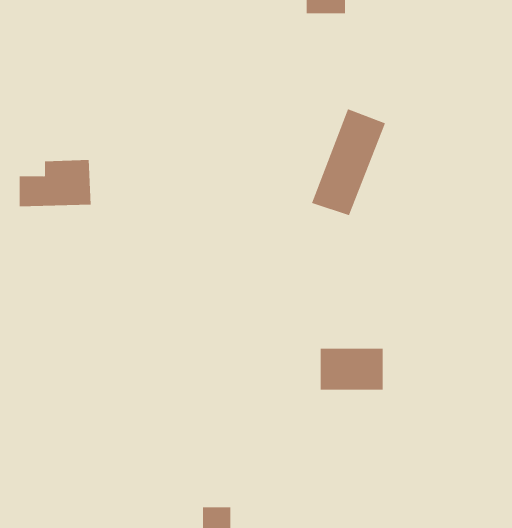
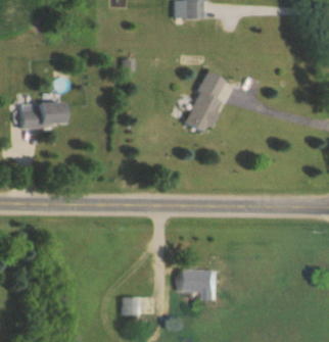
building: [320,348,384,390] -> [179,268,215,292]

